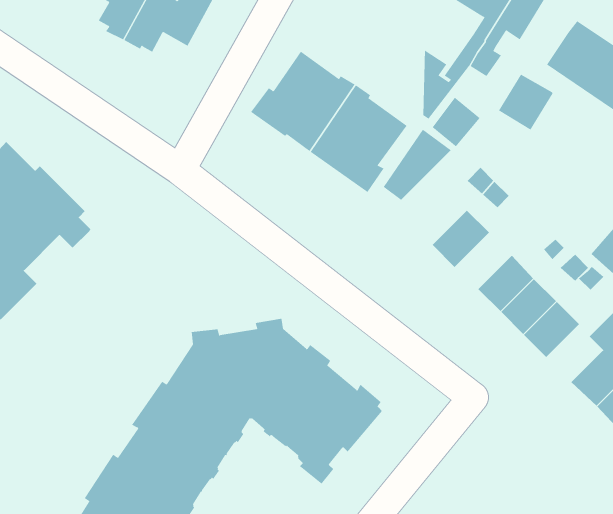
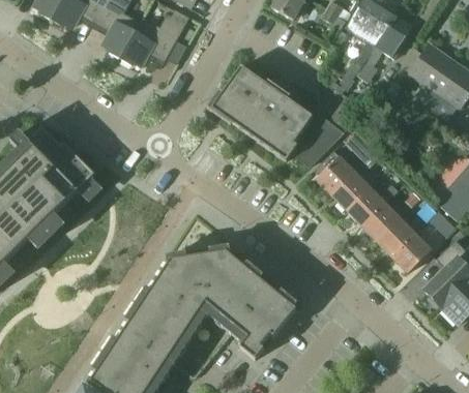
building: [498,74,553,131] -> none
building: none -> [315,156,354,195]
building: none -> [346,183,398,225]

